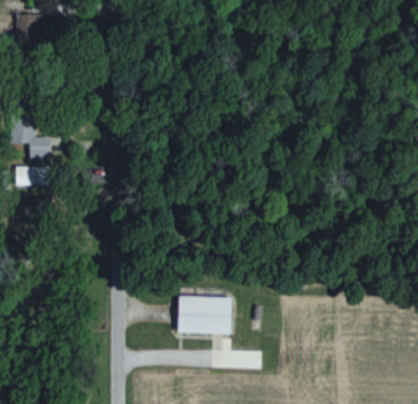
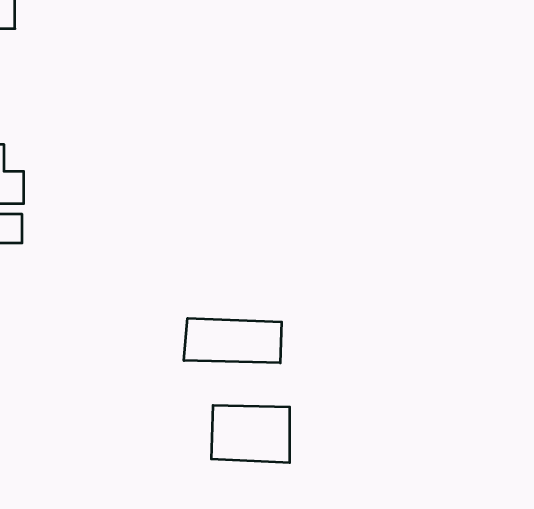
building: none -> [184,318,282,363]

